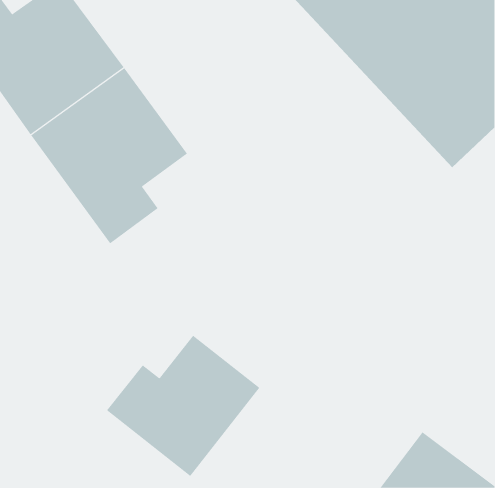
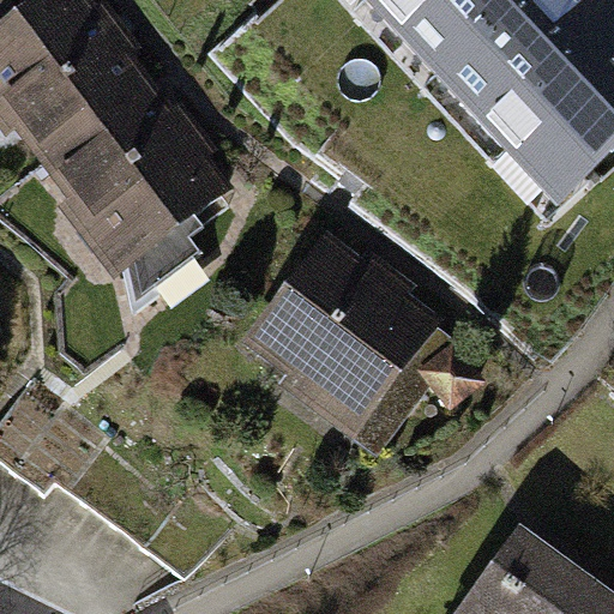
building: none -> [242,236,440,435]
building: [106,335,260,477] -> none

